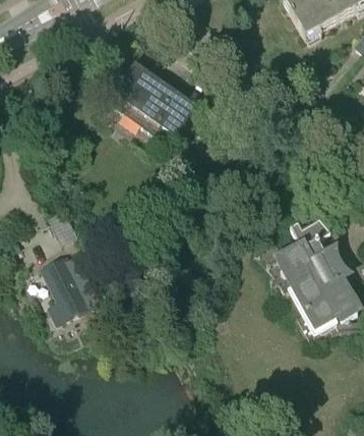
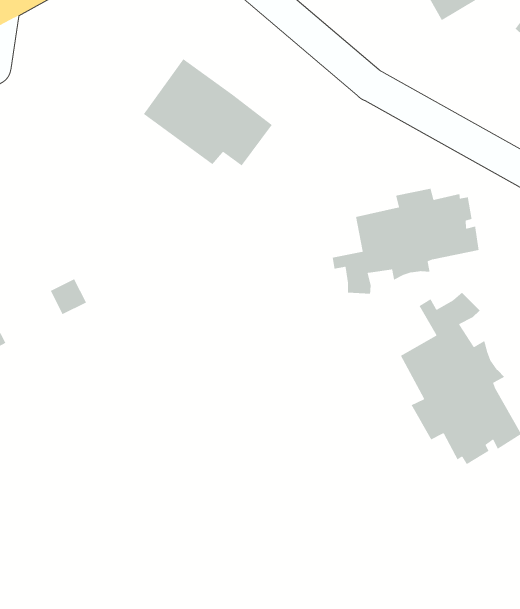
building: none -> [332,188,479,295]
building: [43,251,100,319] -> none

